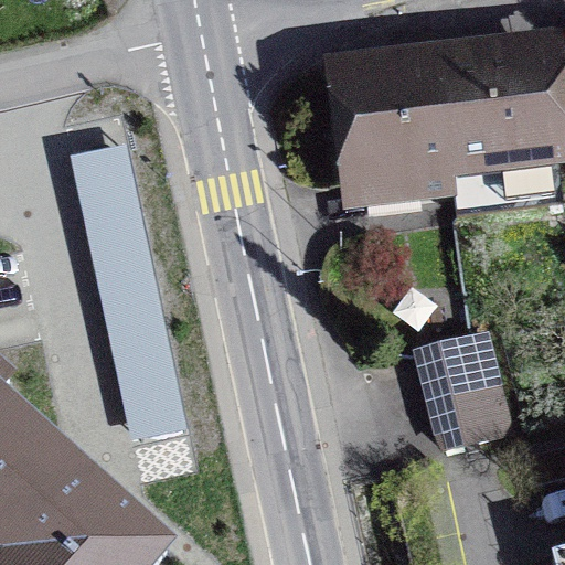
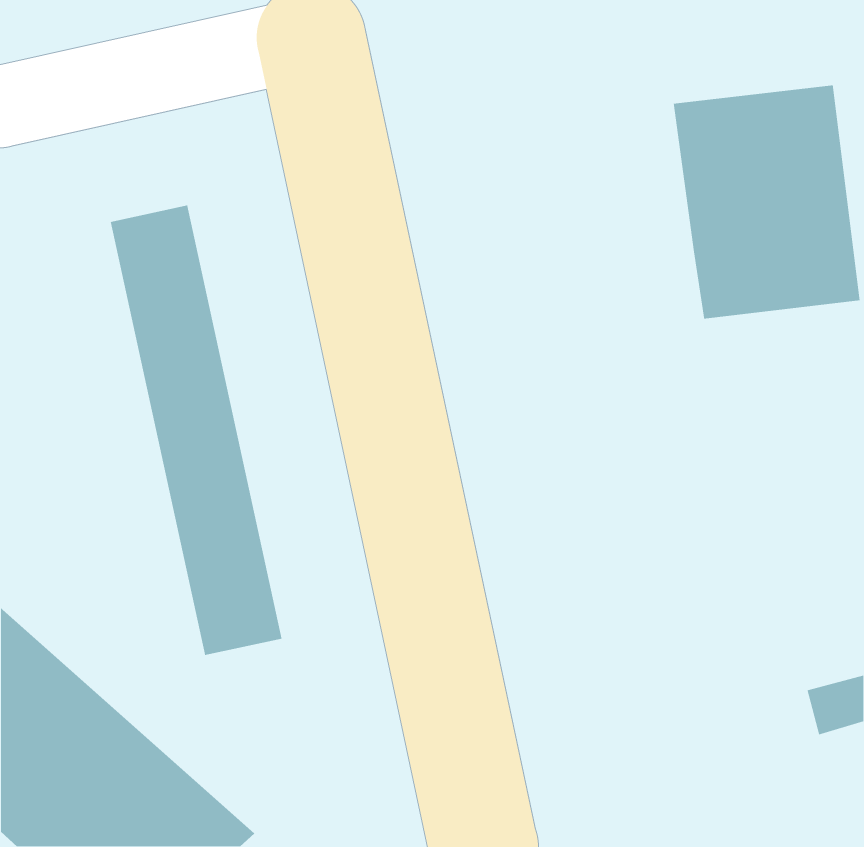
building: [349,67,452,175] -> none
building: [419,329,509,441] -> none

